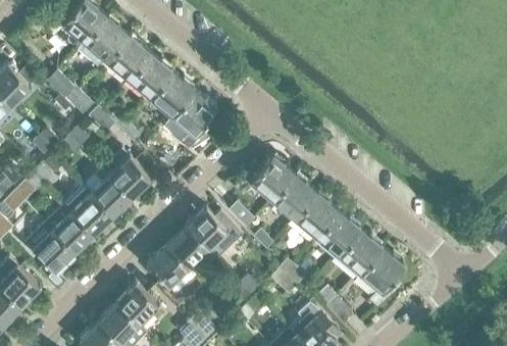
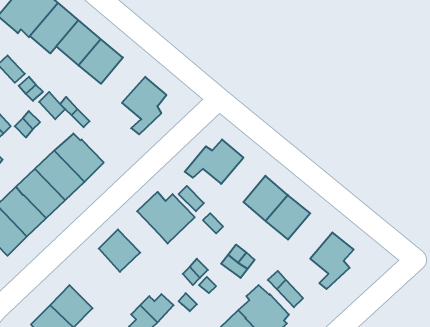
building: [150,72,195,118] -> none
building: [271,174,316,218] -> none
building: [167,228,209,269] -> none
building: [339,230,384,276] -> none
building: [118,283,165,326] -> none

